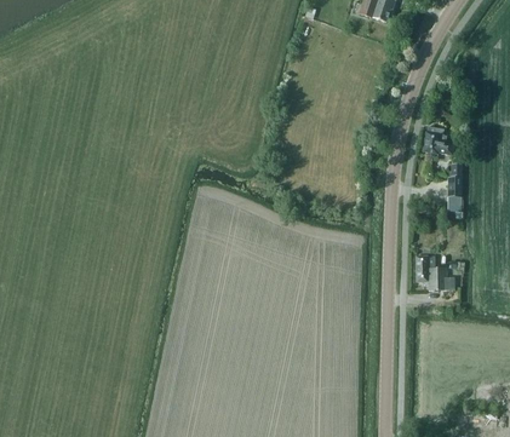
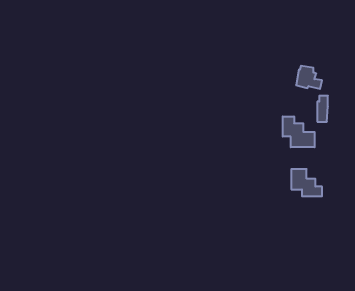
building: none -> [283,116,315,147]

